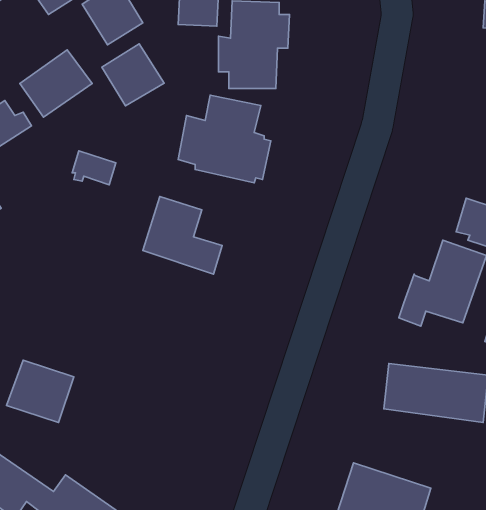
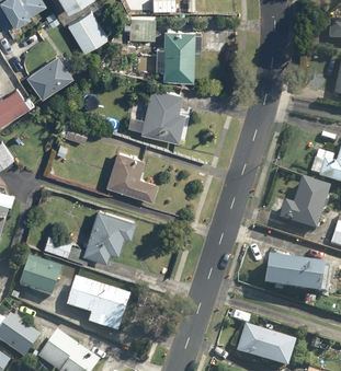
building: [102,44,164,106] -> none
building: none -> [43,207,137,262]
building: none -> [65,277,129,333]

